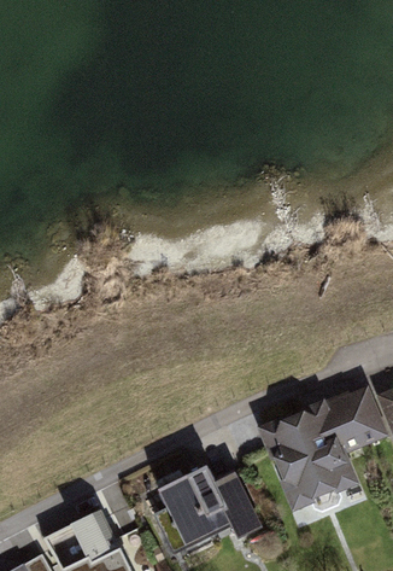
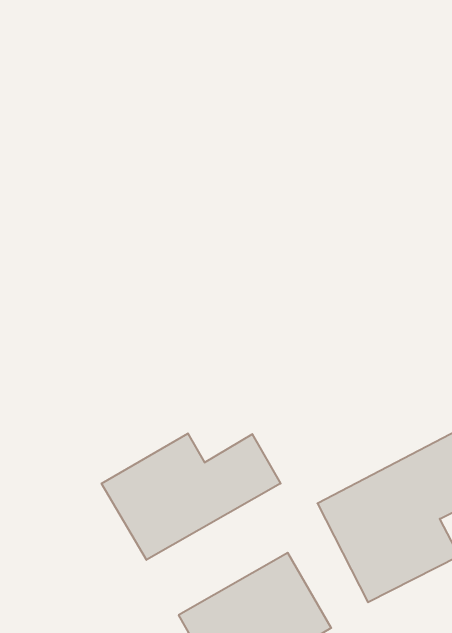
building: none -> [102,433,281,560]

